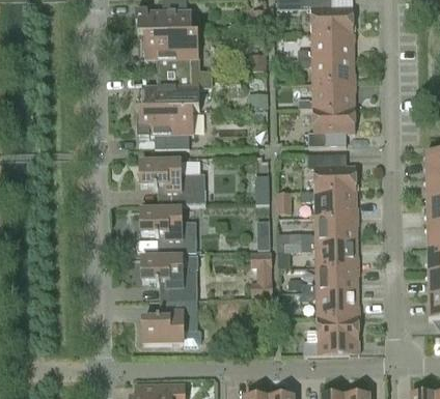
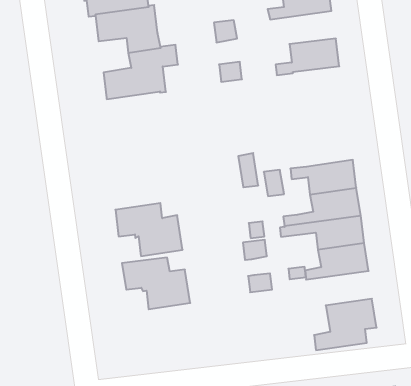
building: [298,57,354,82] -> none
building: [308,107,355,145] -> none
building: [137,110,194,148] -> none
building: [308,153,356,192] -> none
building: [140,161,205,205] -> none
building: [302,290,358,316] -> none
building: [143,300,198,344] -> none

